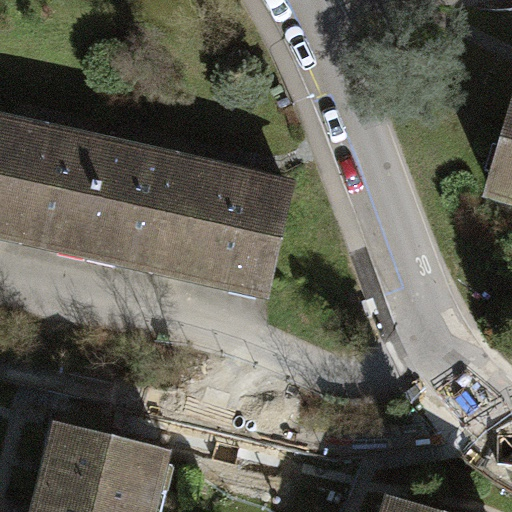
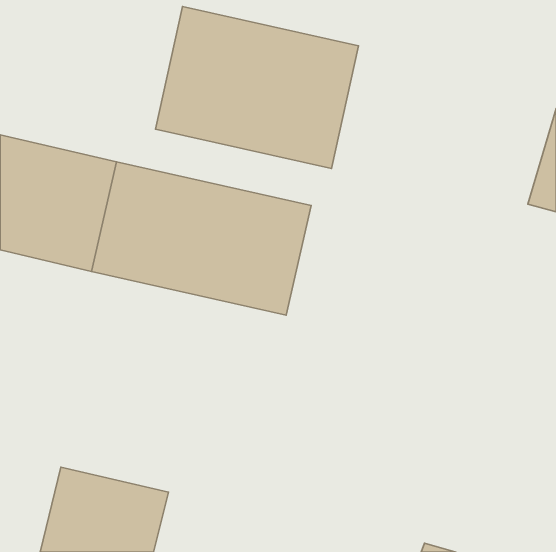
building: none -> [155,7,359,168]

